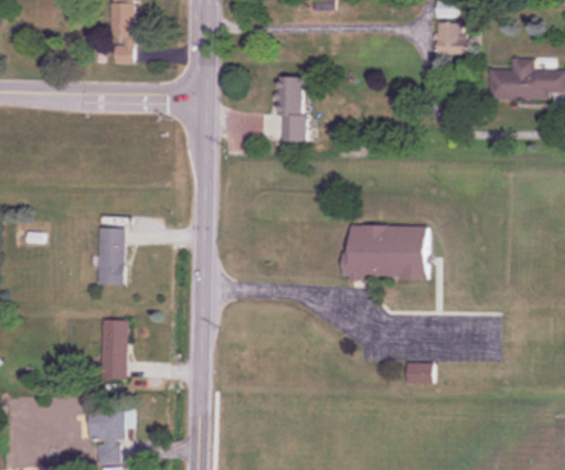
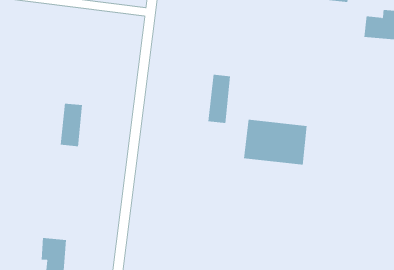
building: [279,78,305,142] -> [207,74,231,124]
building: [102,319,127,378] -> none
building: [406,362,433,383] -> none

